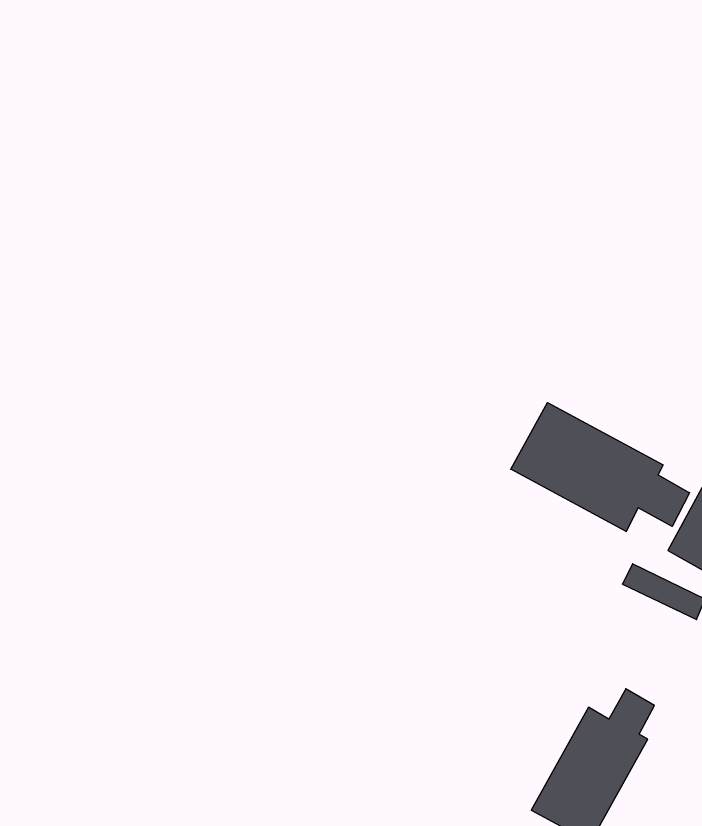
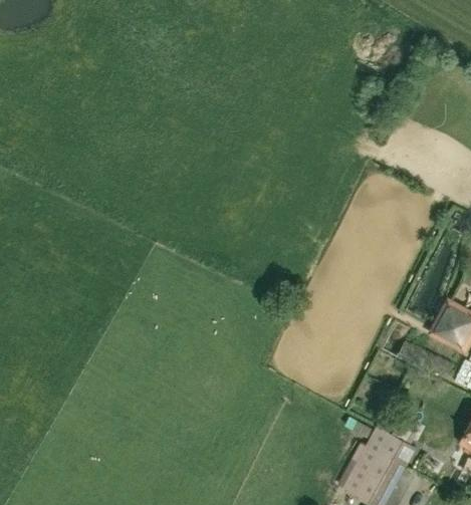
building: [511,403,690,532] -> none

